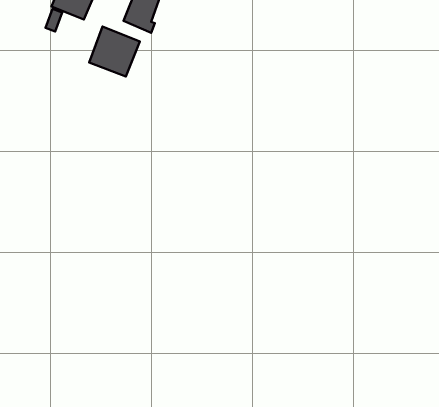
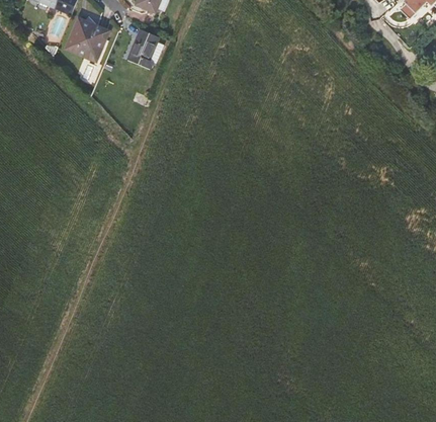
building: [89,26,140,77] -> none

